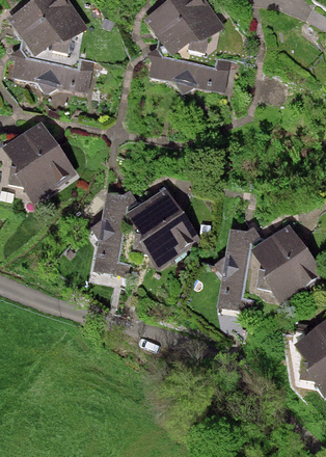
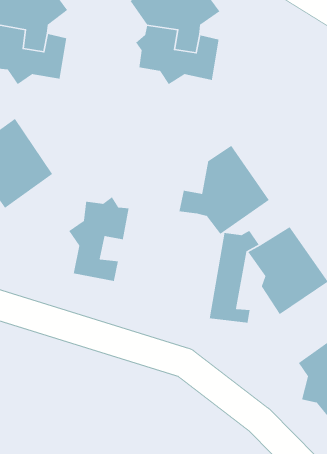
building: [117,190,199,271] -> [179,145,270,235]

